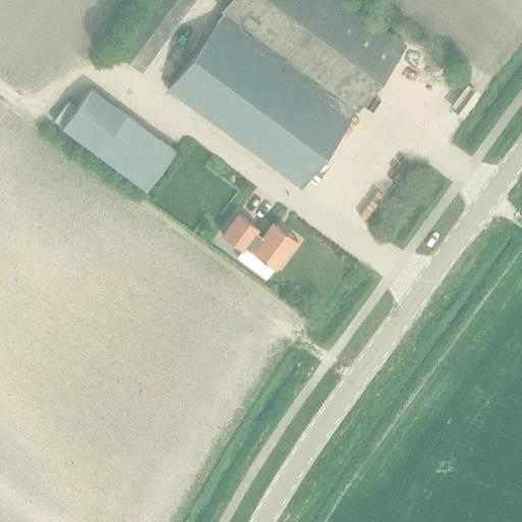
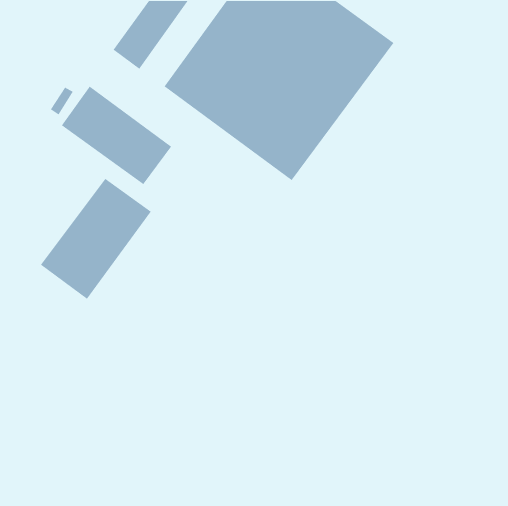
building: none -> [40,178,152,300]
building: [224,216,298,271] -> none

